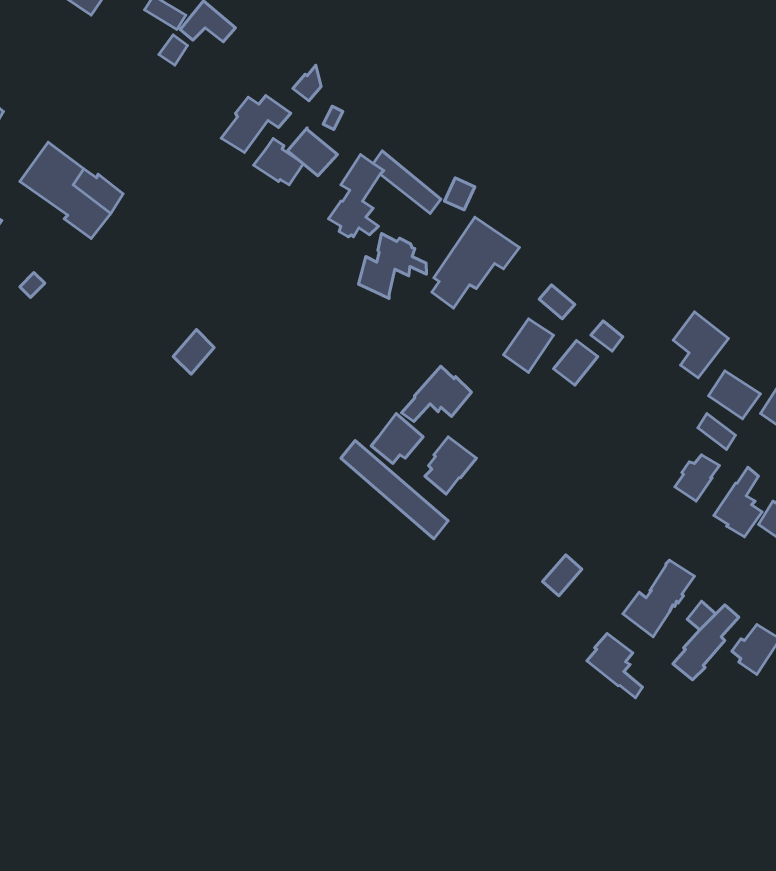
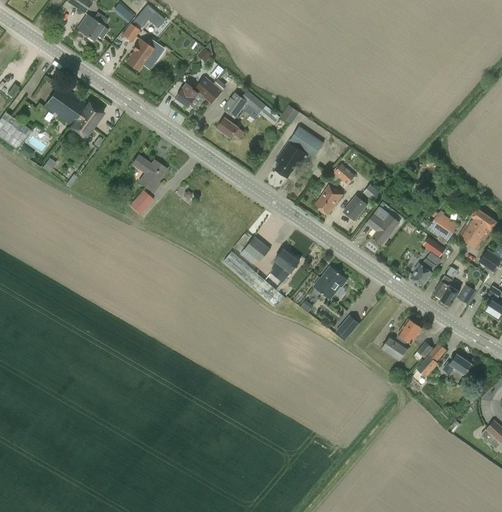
building: none -> [76,12,108,40]
building: [221,95,291,153] -> [125,38,164,70]
building: [359,233,427,299] -> none
building: none -> [130,153,166,191]
building: [673,312,729,378] -> [368,207,399,244]
building: [402,366,472,421] -> none
building: none -> [313,266,347,298]
building: [587,634,642,698] -> none

